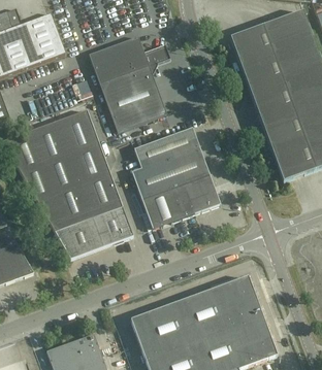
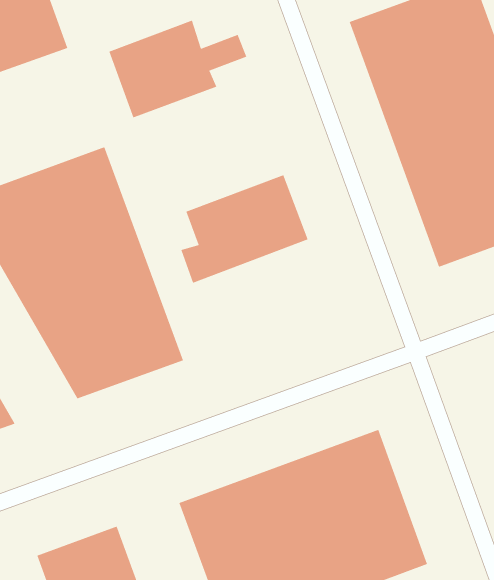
building: [103,74,166,131] -> none
building: [138,164,221,228] -> none

